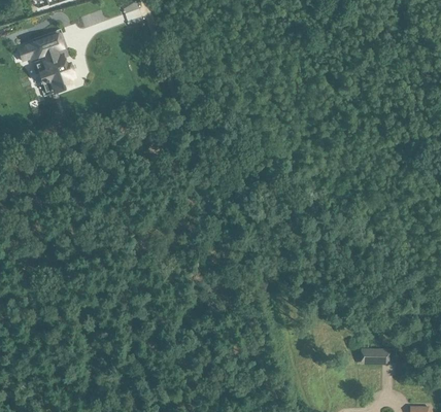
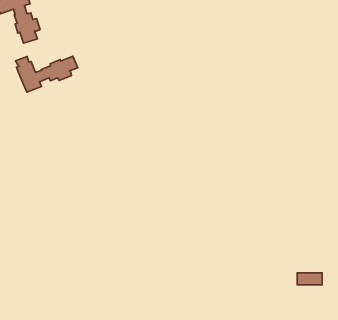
building: none -> [15,56,78,92]

